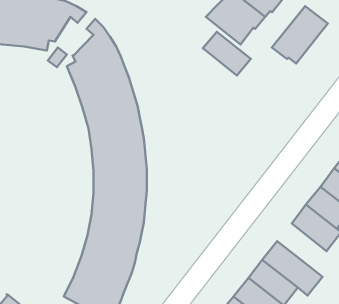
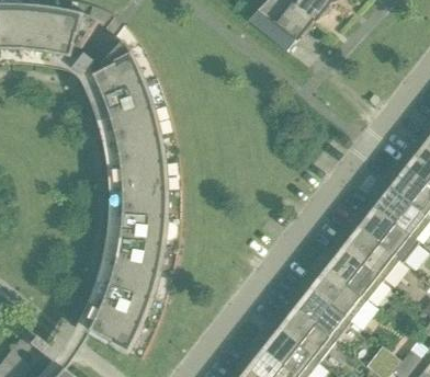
building: [272,6,328,63] -> none
building: [203,32,251,75] -> none
building: none -> [321,254,376,305]

